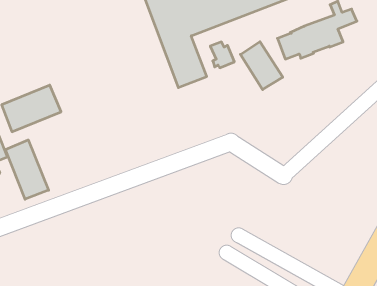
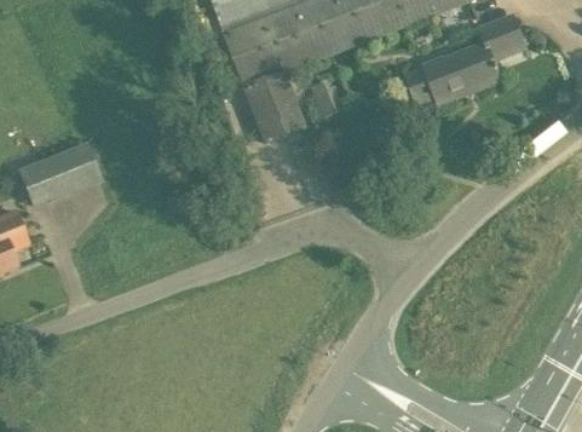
building: [240,42,283,90] -> none
building: [5,140,49,199] -> none

